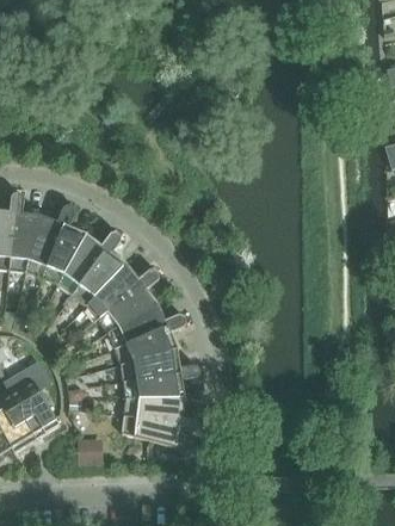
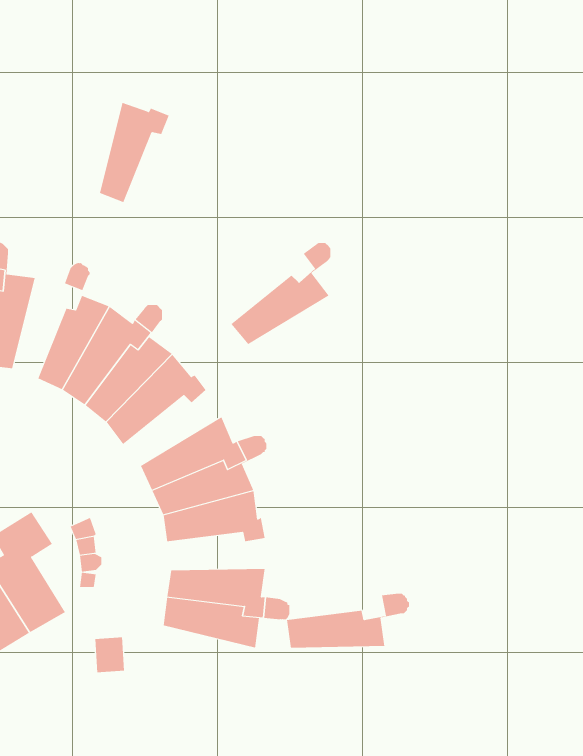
building: [27,214,72,277] -> [99,102,169,203]
building: [97,267,160,332] -> [231,242,331,345]
building: [124,363,202,397] -> [286,593,410,648]

